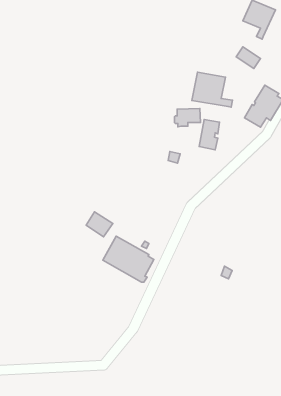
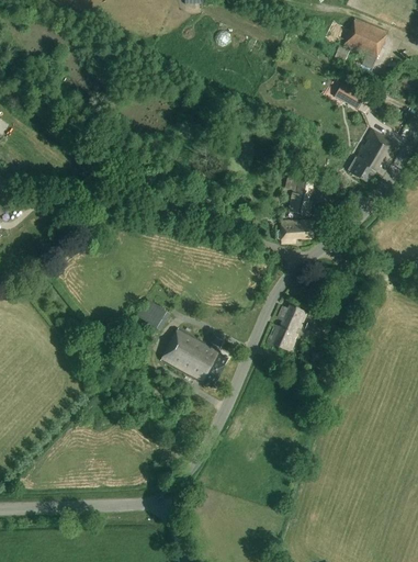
building: [192,72,233,107] -> none
building: [175,108,201,127] -> [278,218,312,243]
building: none -> [267,304,306,350]

